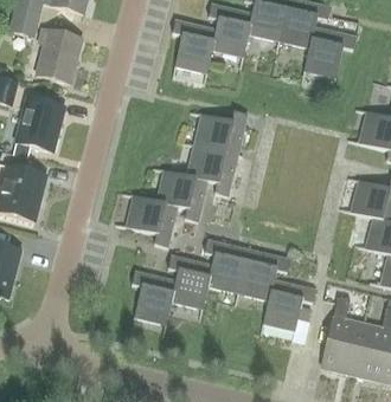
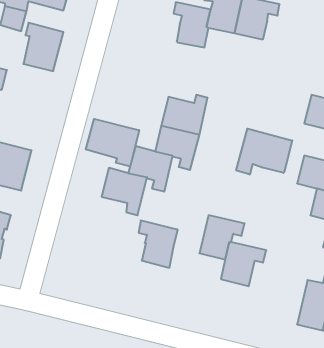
building: [172,19,216,72] -> none
building: [303,26,357,77] -> none
building: [15,96,64,151] -> none
building: none -> [86,119,139,166]
building: none -> [236,129,292,175]
building: [205,239,249,292] -> none
building: [132,271,177,324] -> none
building: [321,296,363,374] -> none

